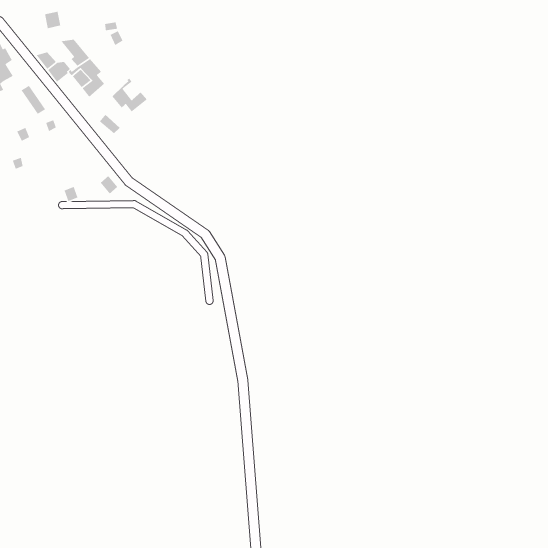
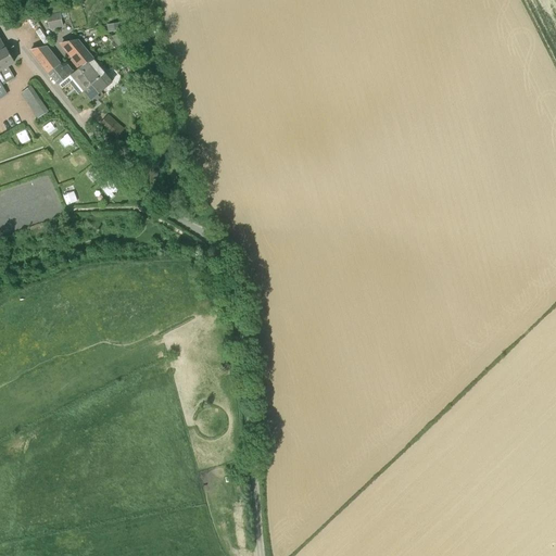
building: [112,77,148,113] -> none

